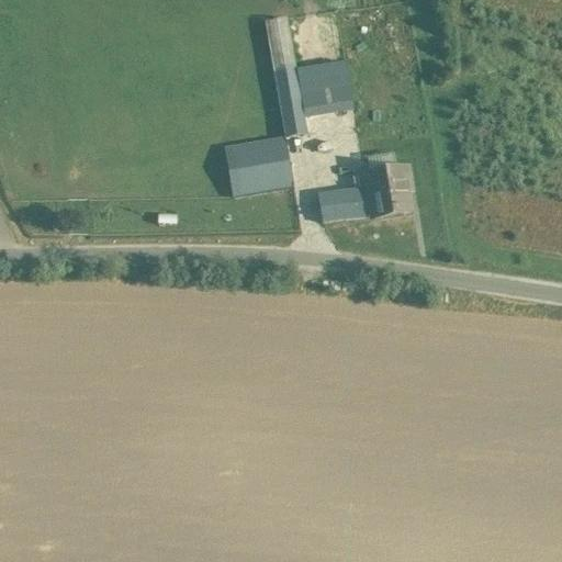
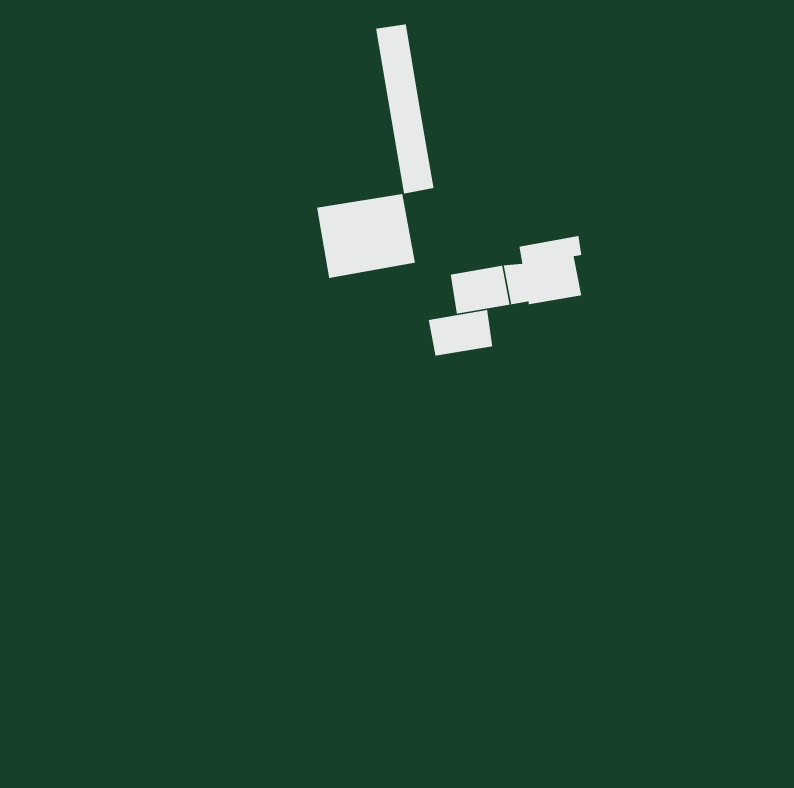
building: [296,60,351,108] -> none
building: none -> [428,309,493,357]

